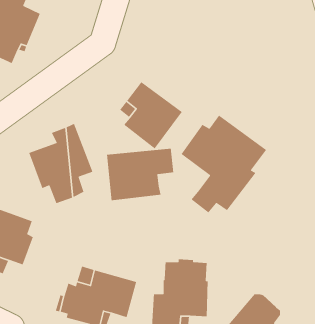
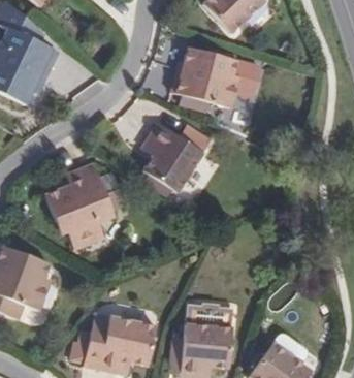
building: none -> [172,49,243,108]
building: [181,114,267,213] -> none
building: [106,148,174,201] -> none

